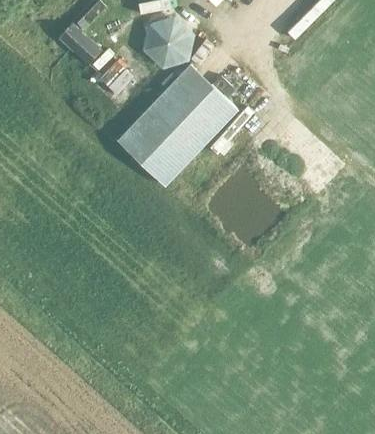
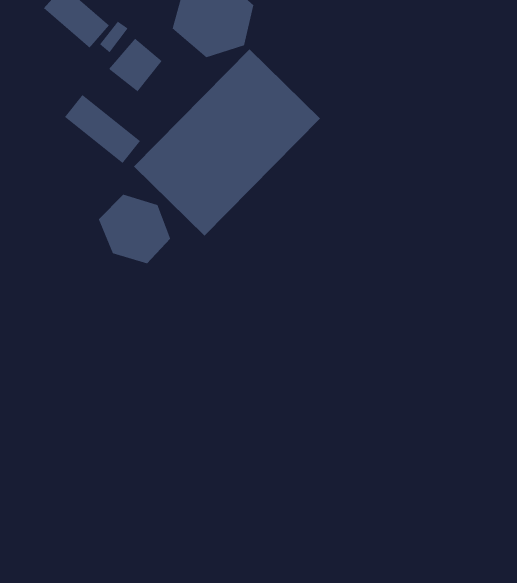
building: none -> [64,94,141,164]
building: none -> [98,194,171,264]

